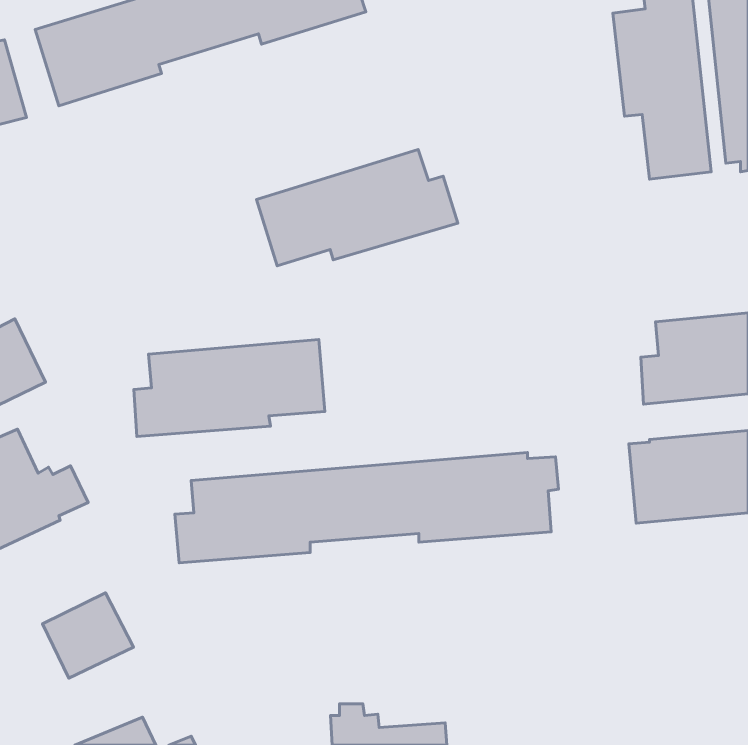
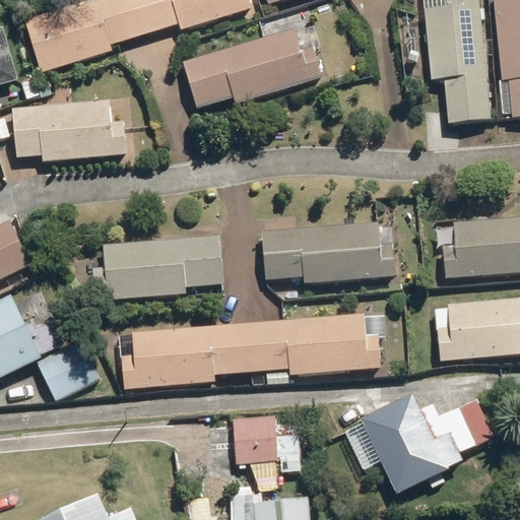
building: none -> [12,100,127,161]
building: [257,150,458,266] -> [183,27,322,108]
building: none -> [262,221,395,283]
building: none -> [361,395,476,496]
building: [42,593,133,678] -> [37,341,100,400]
building: none -> [233,416,277,464]

